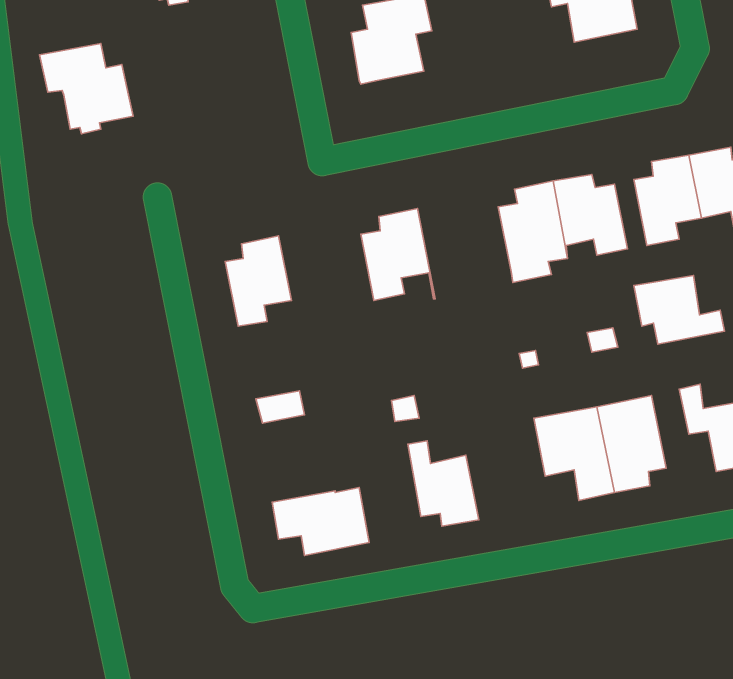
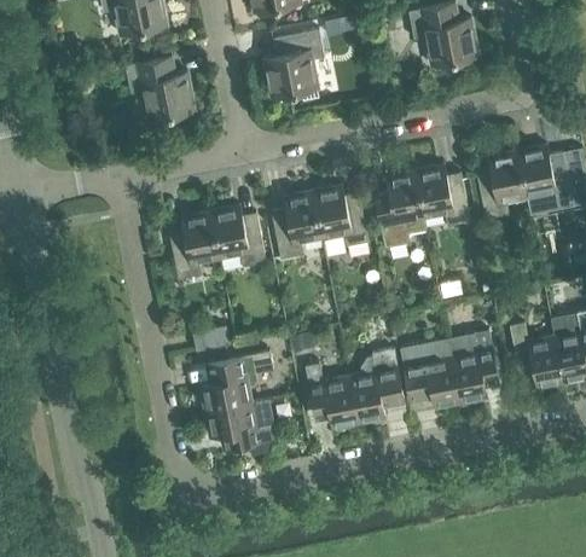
building: [40,44,133,134] -> [126,57,196,124]
building: none -> [314,185,370,259]
building: none -> [210,205,267,267]
building: [634,275,724,344] -> none
building: none -> [350,349,406,424]
building: none -> [201,352,274,411]

